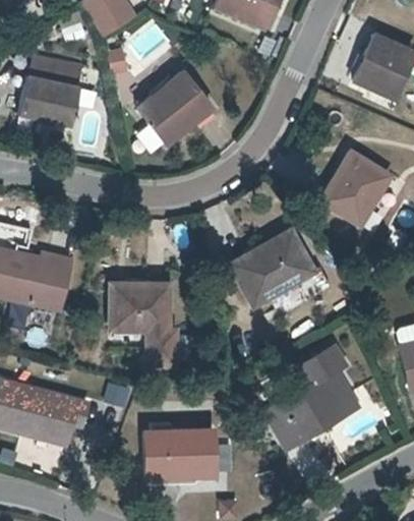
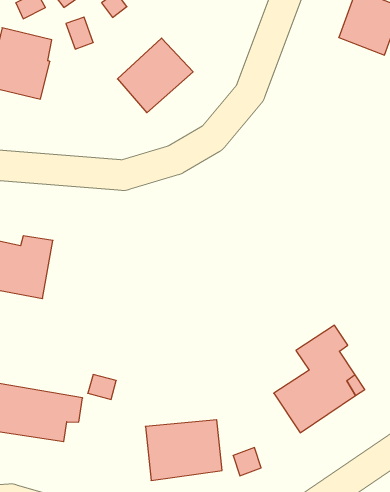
building: [319,152,389,227] -> none
building: [234,230,311,301] -> none
building: [110,284,176,368] -> none

